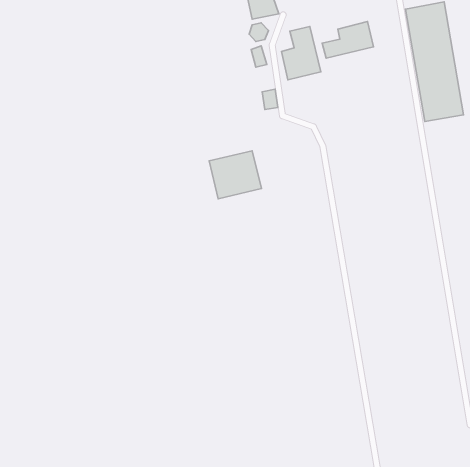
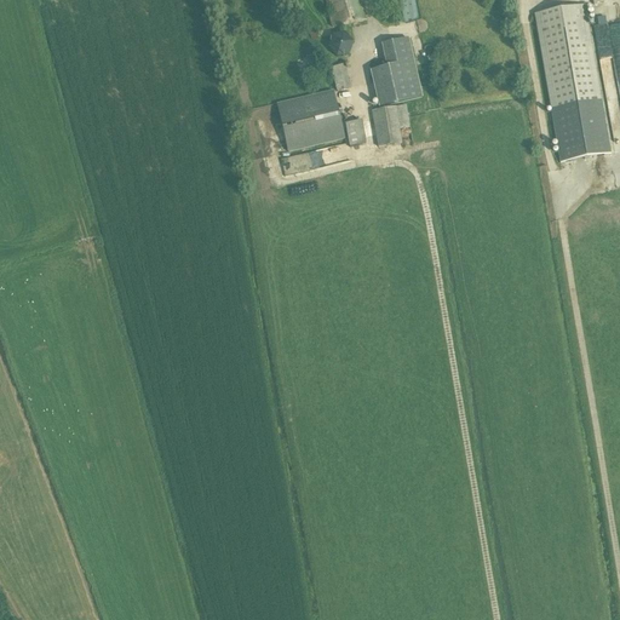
building: [322,22,374,58] -> none
building: none -> [371,102,409,144]
building: [209,151,262,199] -> [276,87,345,150]

